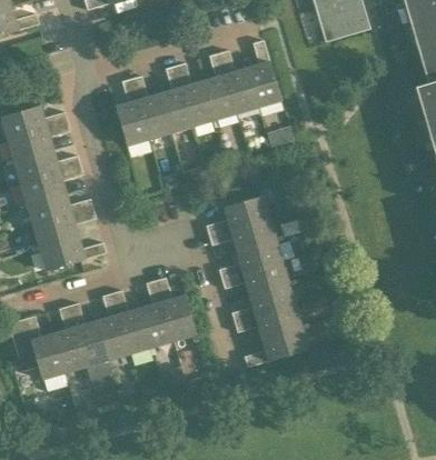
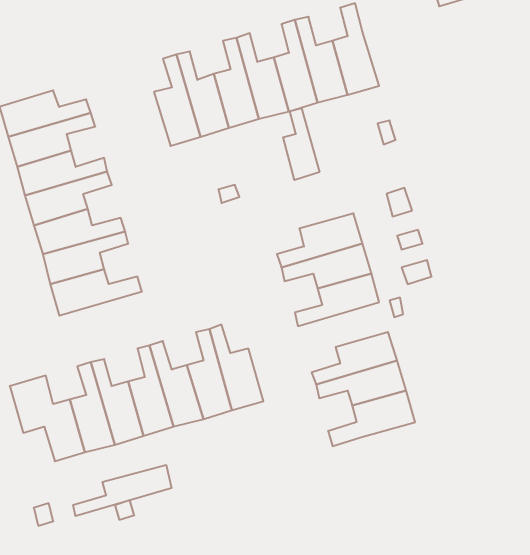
building: none -> [283,108,319,180]
building: [221,261,288,294] -> none
building: none -> [73,465,171,516]

